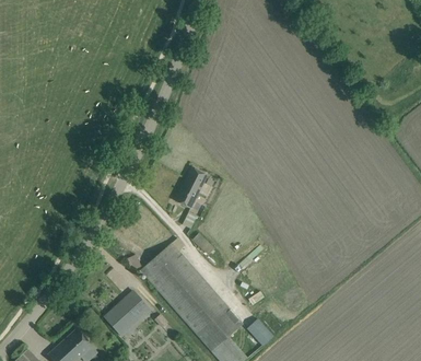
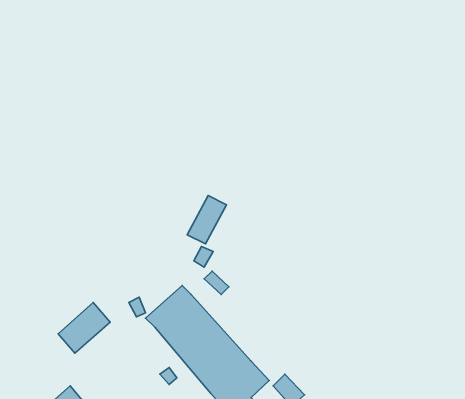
building: [105,291,149,334] -> [58,303,110,353]

